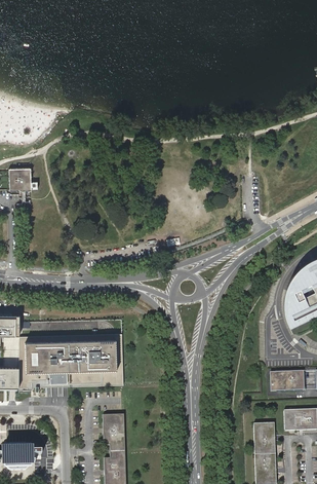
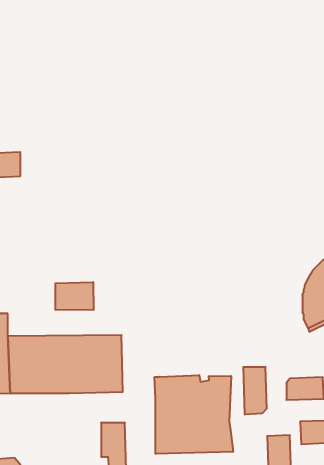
building: none -> [55,282,94,310]
building: none -> [243,367,266,415]
building: none -> [155,375,233,454]

